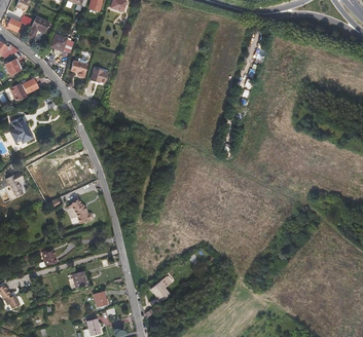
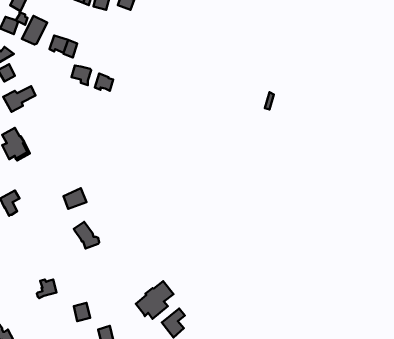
building: none -> [136,281,173,319]

